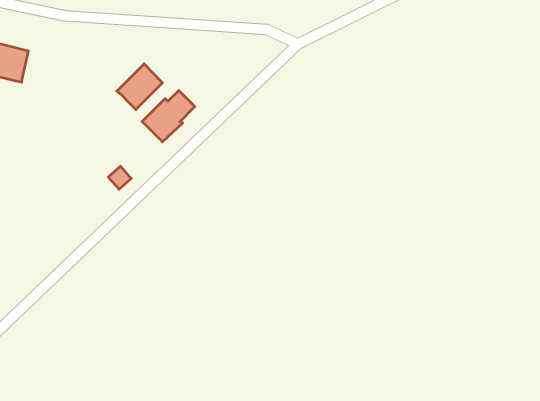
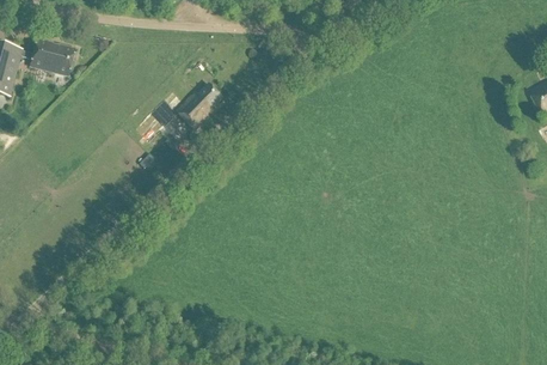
building: [117,64,162,110] -> none

